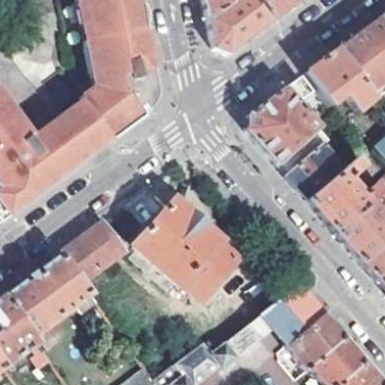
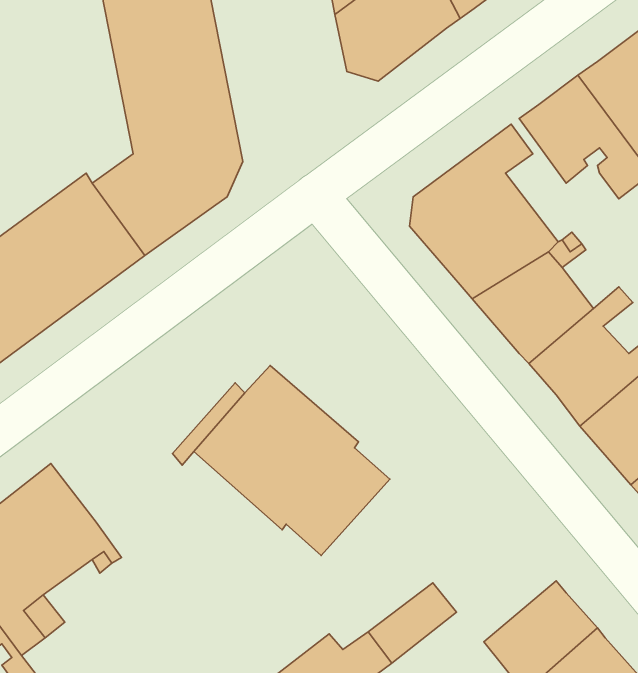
building: [61,220,123,282] -> none
building: [260,284,325,344] -> none

